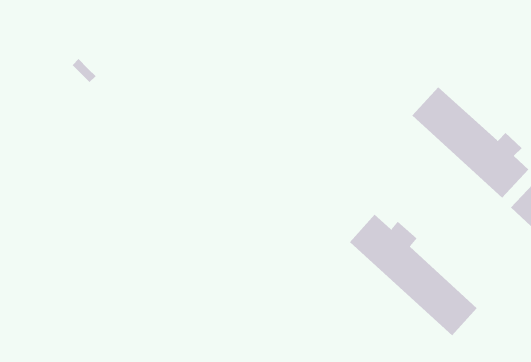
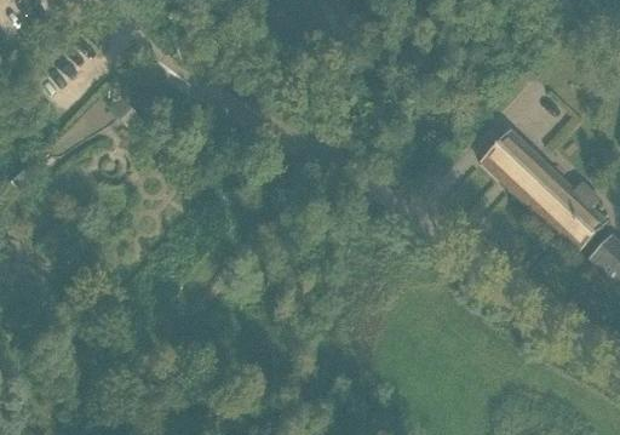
building: [349,214,478,336] -> none

